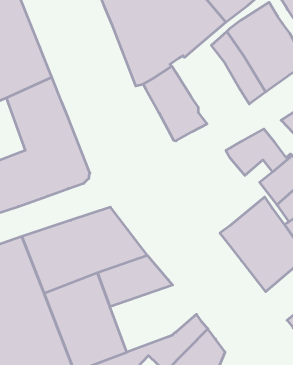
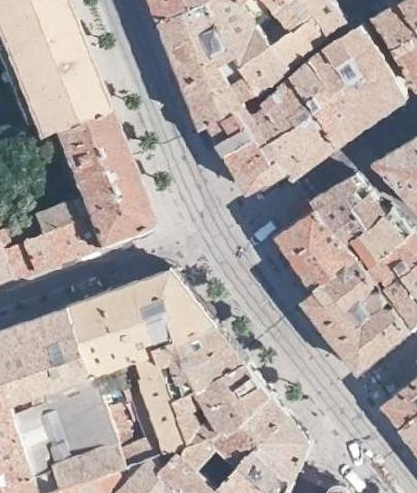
building: none -> [252,74,339,176]
building: none -> [280,210,357,290]
building: none -> [171,362,276,442]

